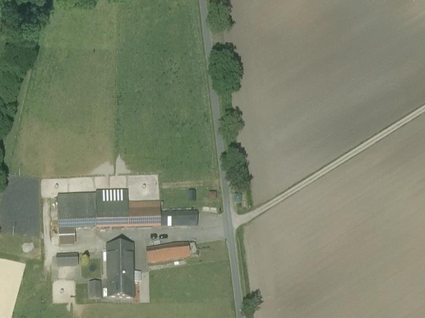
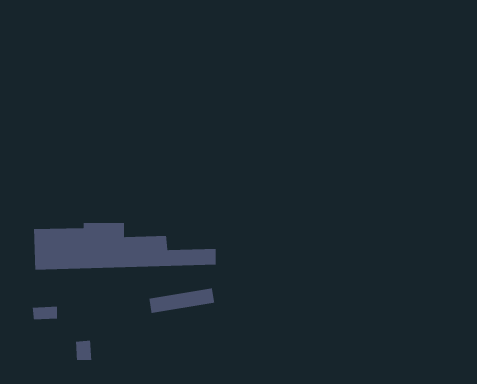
building: [107,245,133,296] -> none

